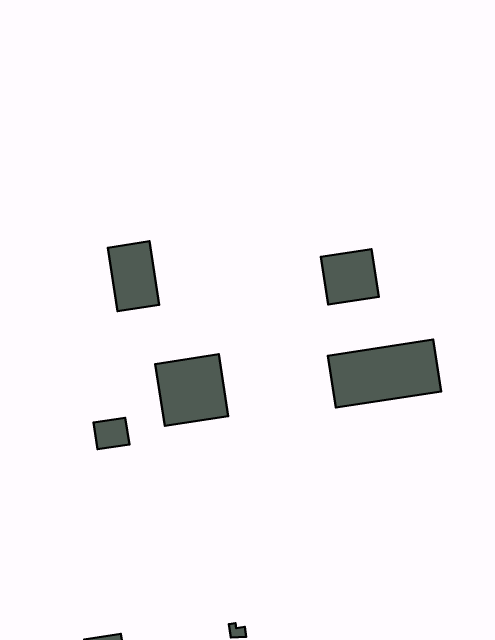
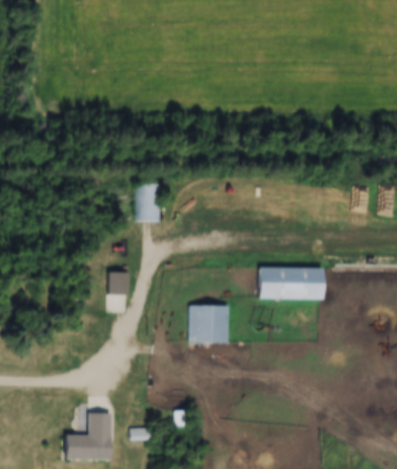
building: [321,249,379,304] -> none
building: [155,354,228,426] -> [189,305,228,342]

